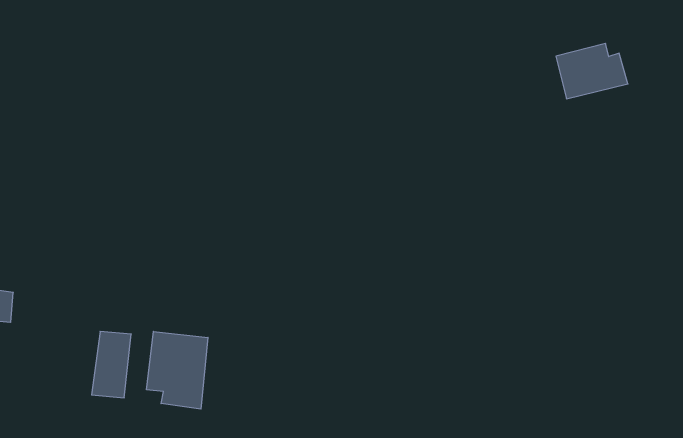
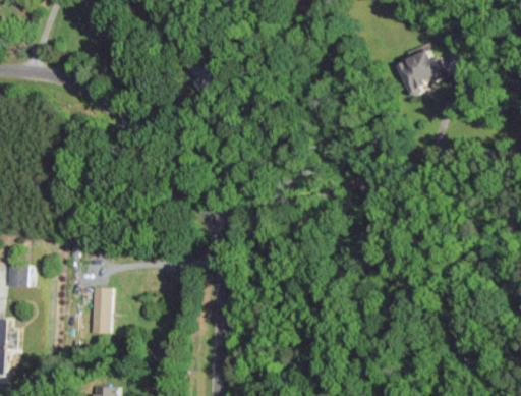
building: [147,331,208,409] -> none

